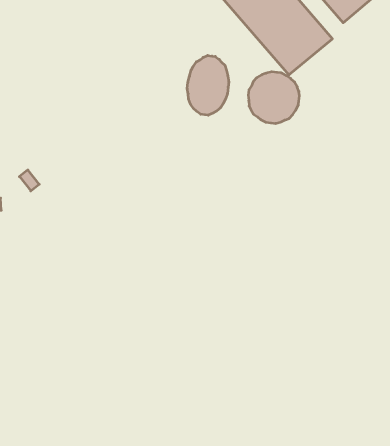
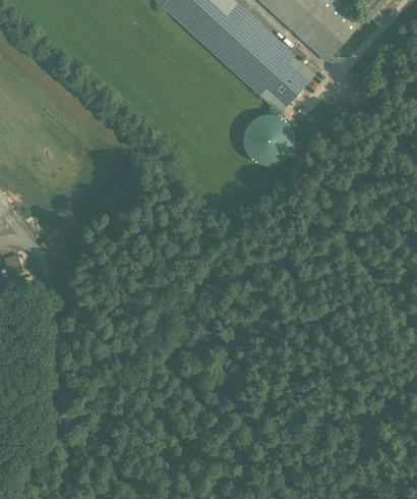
building: [187,55,229,115] -> none

